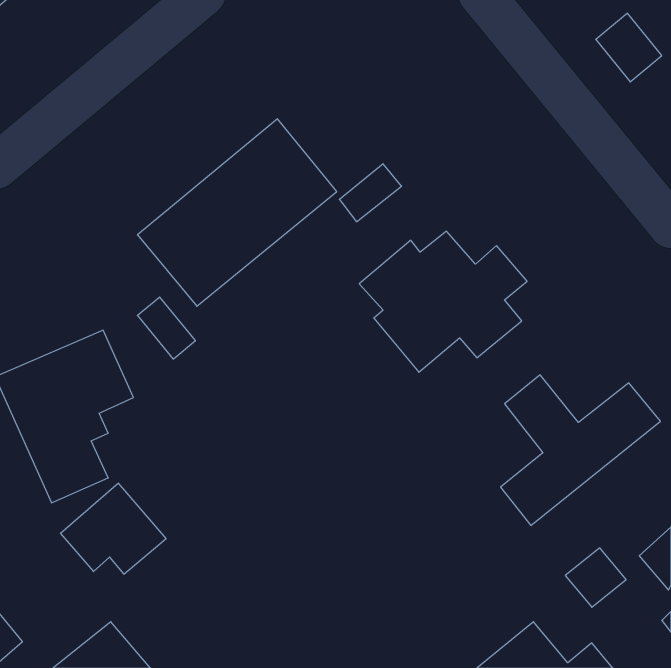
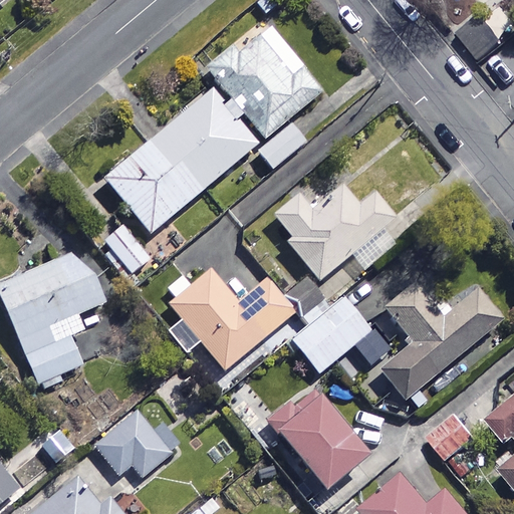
building: none -> [206,27,321,139]
building: none -> [165,267,293,369]
building: none -> [289,294,368,371]
building: [60,483,166,574] -> [94,408,175,477]
building: none -> [269,384,371,492]

